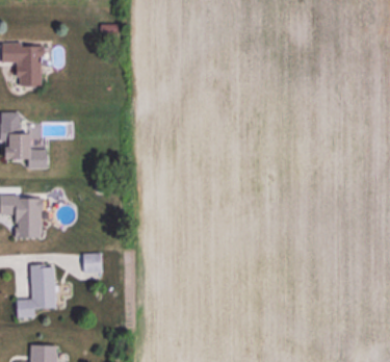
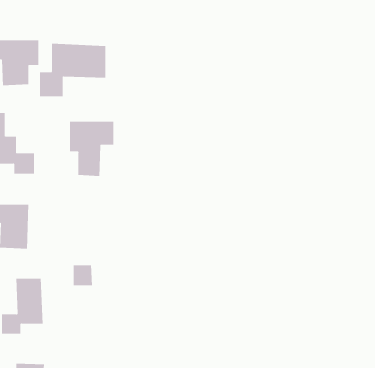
building: none -> [39,43,106,97]
building: none -> [70,121,114,177]

